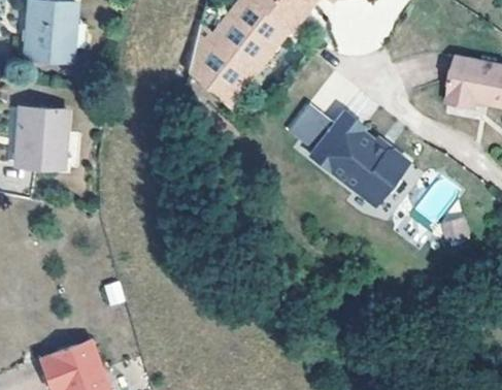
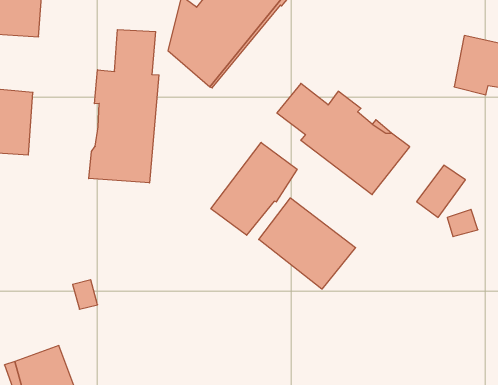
building: none -> [89,30,159,183]
building: none -> [211,142,297,235]
building: none -> [259,198,356,289]

